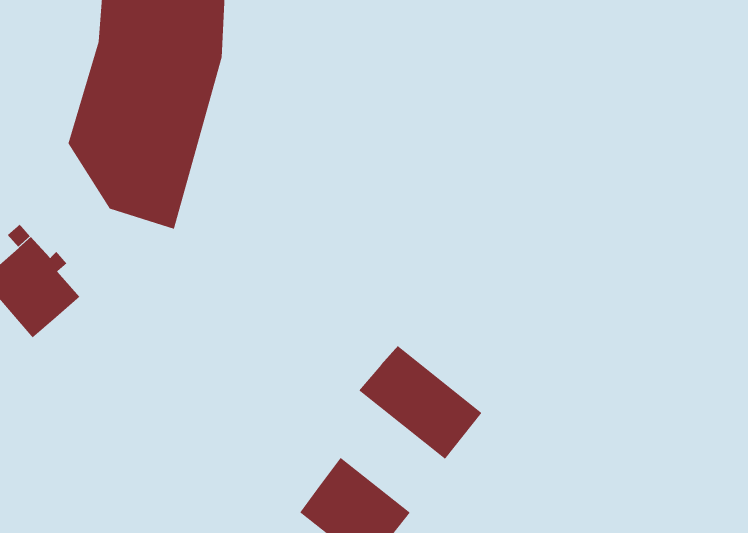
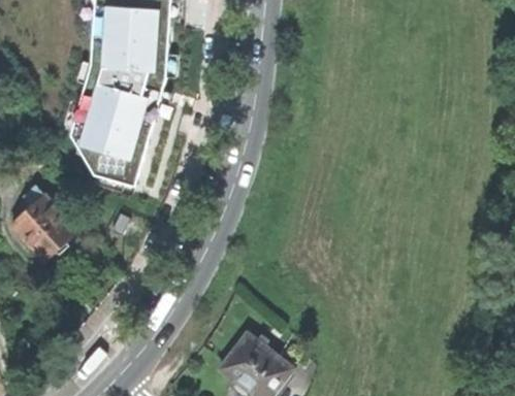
building: [358,345,483,460] -> none

